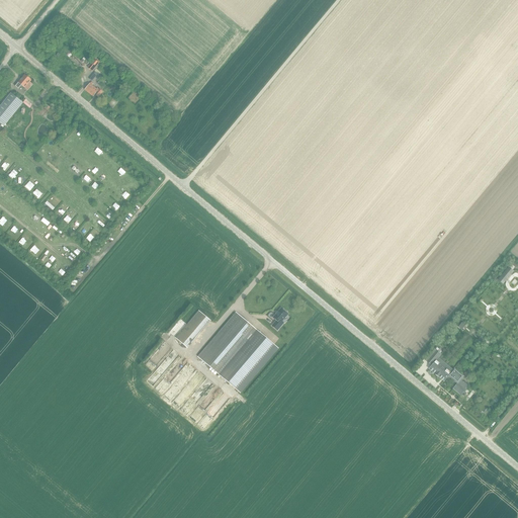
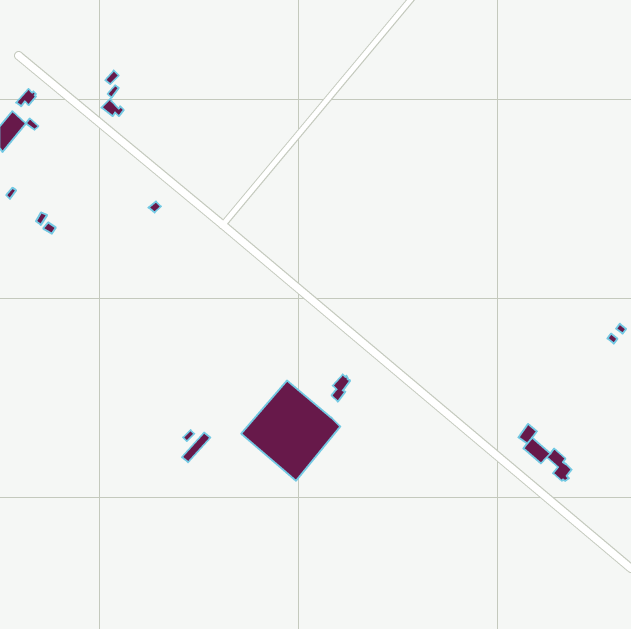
building: [174,309,208,346] -> none

